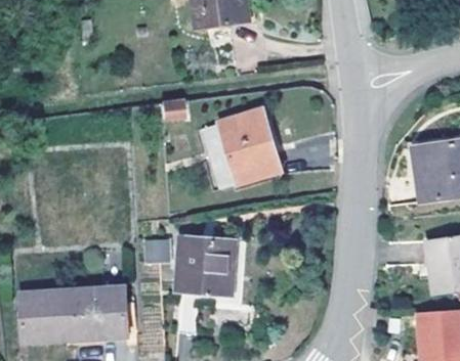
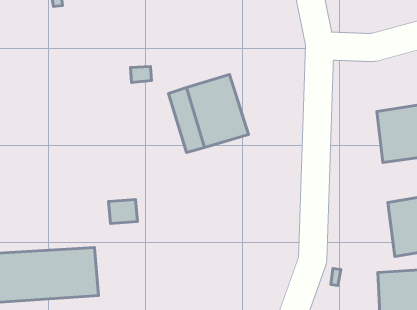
building: [178,236,235,333] -> none

